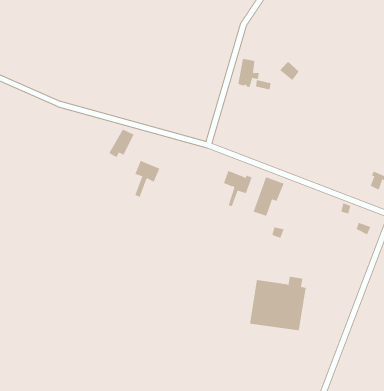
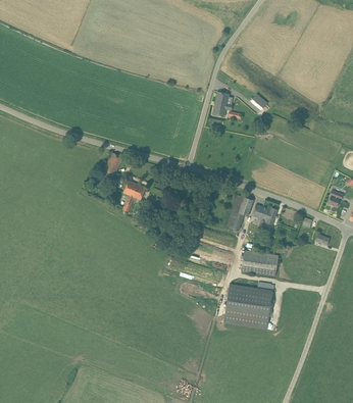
building: [223,170,252,207] -> [252,203,278,235]
building: none -> [242,249,279,275]

